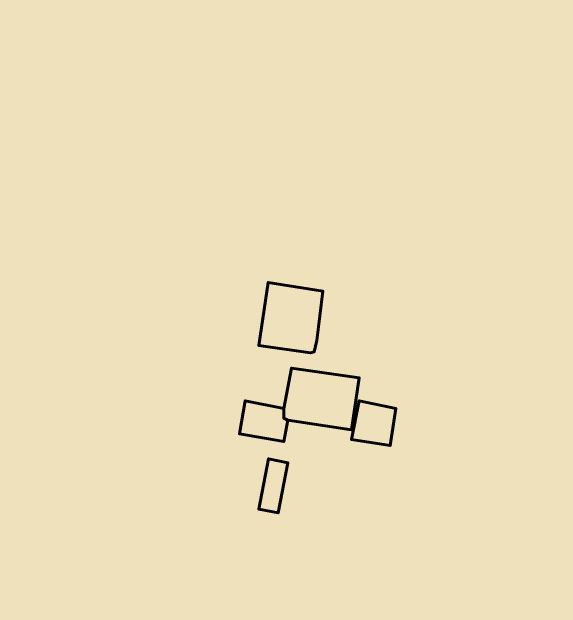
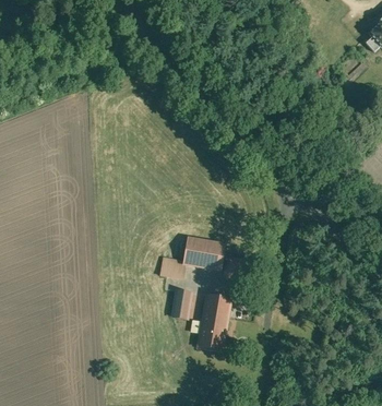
building: [259,283,323,353] -> none
building: none -> [196,292,234,350]

